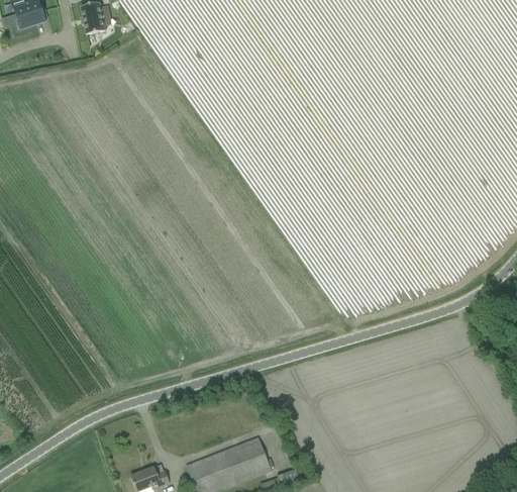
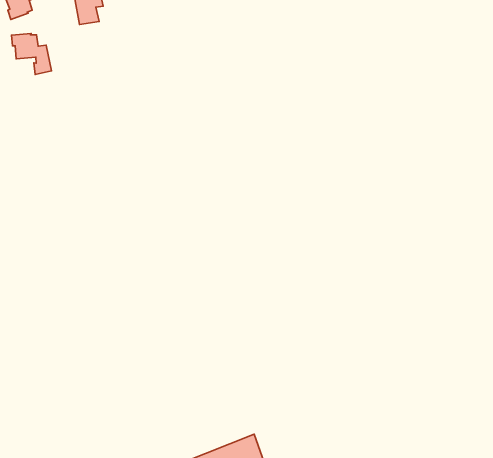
building: none -> [11,33,52,75]

